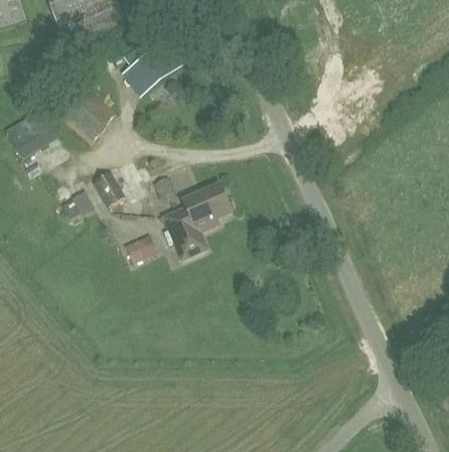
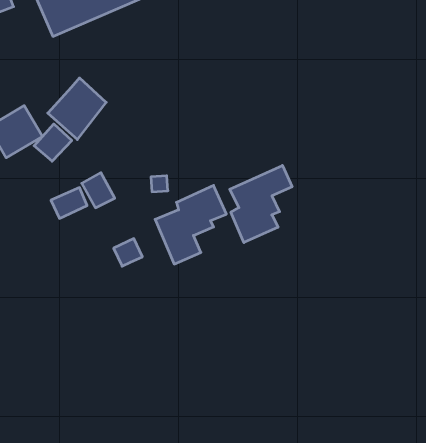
building: [125,55,165,92] -> none
building: none -> [34,124,72,161]
building: none -> [230,165,292,243]

